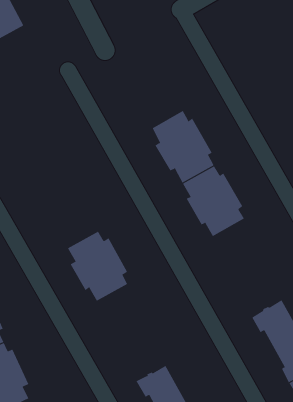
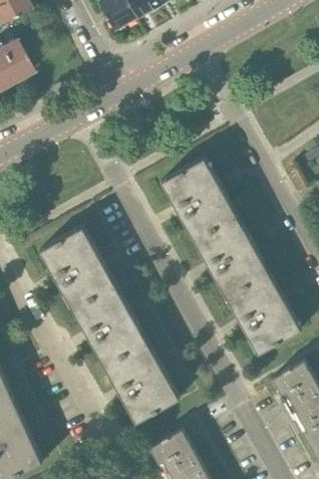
building: none -> [44,228,110,305]
building: none -> [231,274,297,350]
building: none -> [108,343,175,419]

